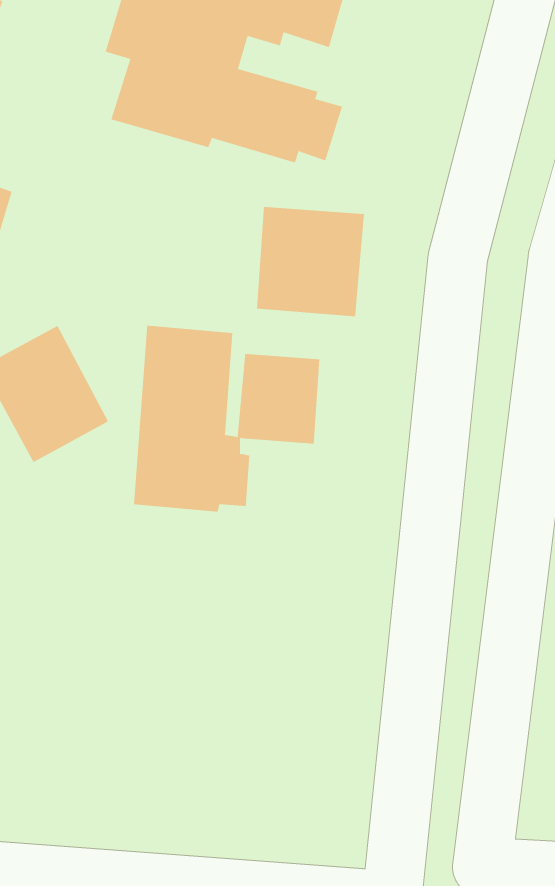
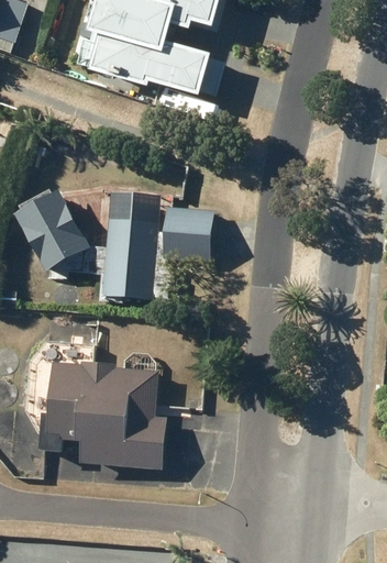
building: [257,206,364,317] -> none
building: none -> [38,362,164,470]

